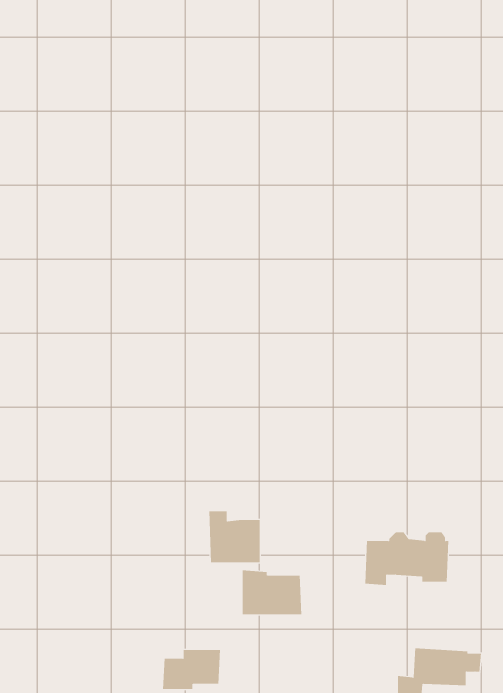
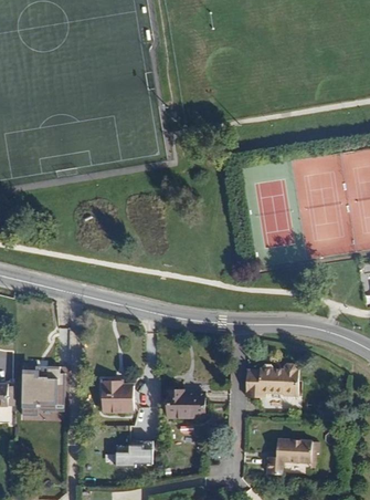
building: [209,511,260,563] -> [99,379,133,413]
building: none -> [21,369,62,415]

